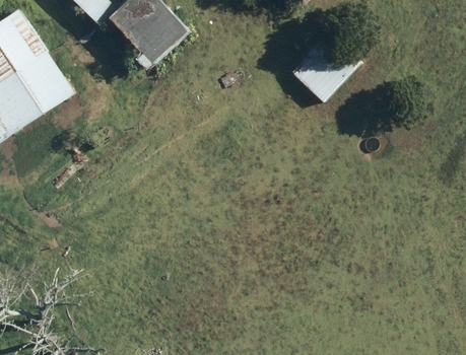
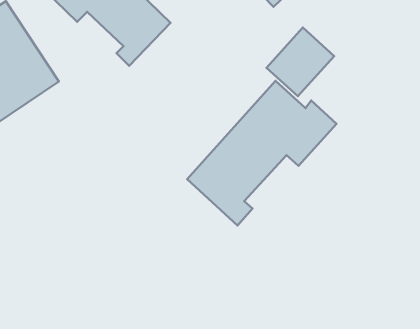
building: none -> [187,81,336,226]

